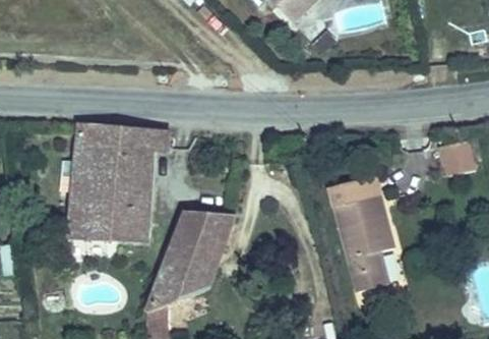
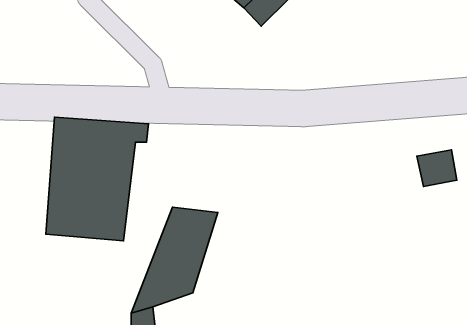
building: [333,177,395,288] -> none

